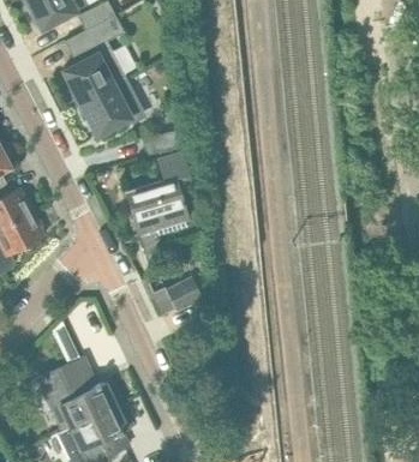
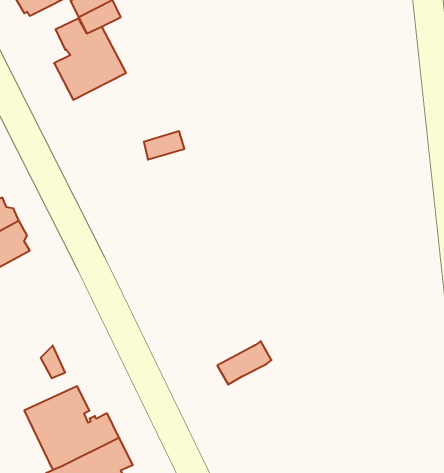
building: [79,79,143,136] -> none
building: [126,151,192,233] -> none
building: [152,277,200,316] -> [217,341,272,385]

